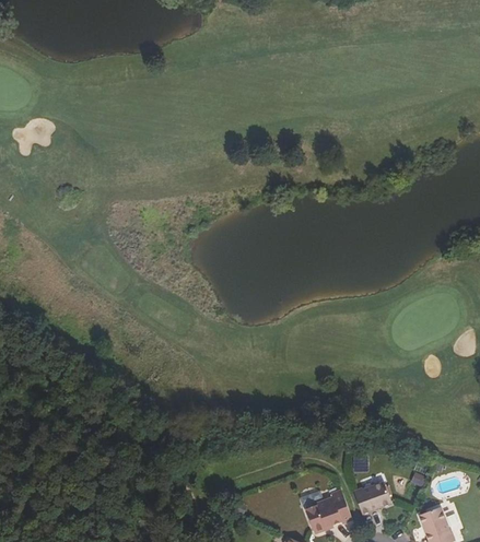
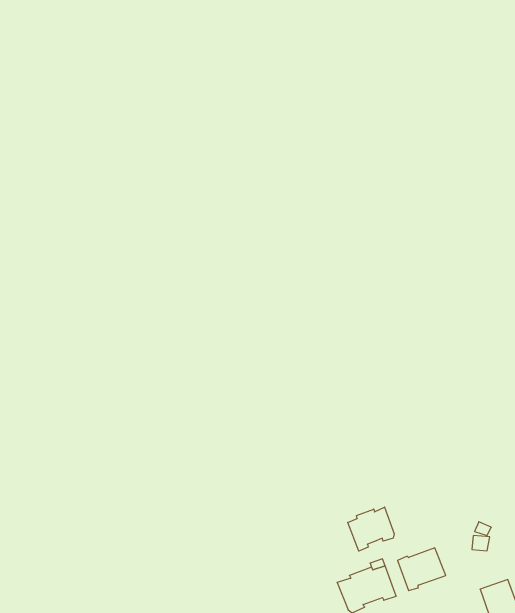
building: none -> [348,507,394,551]

